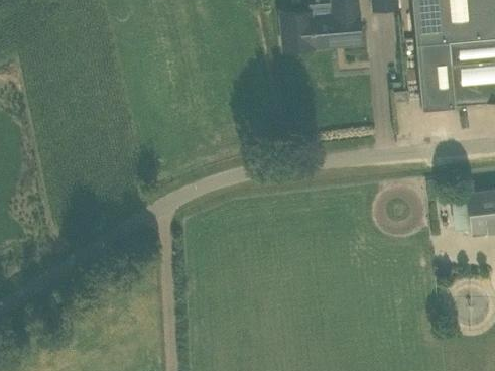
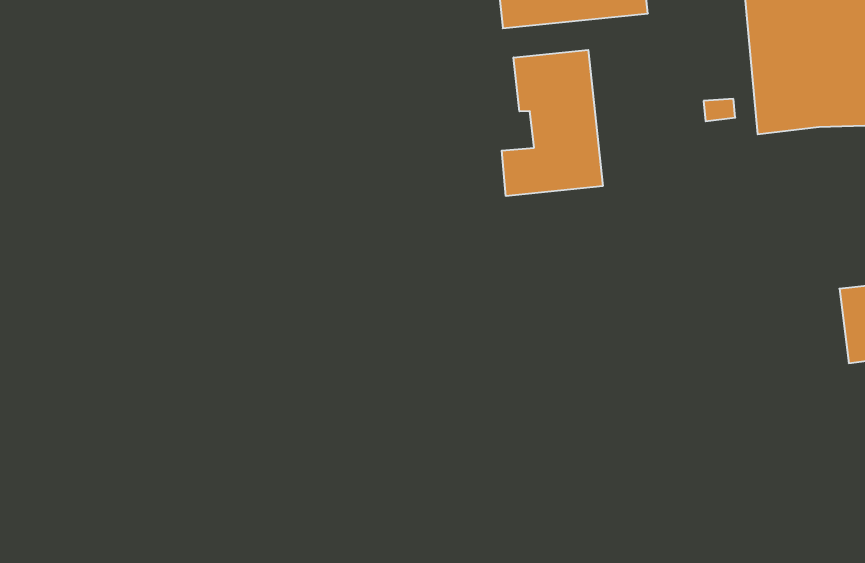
building: none -> [502,50,603,196]

